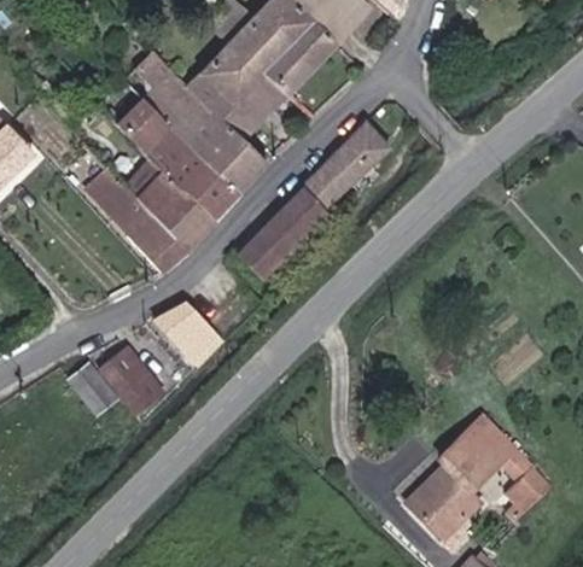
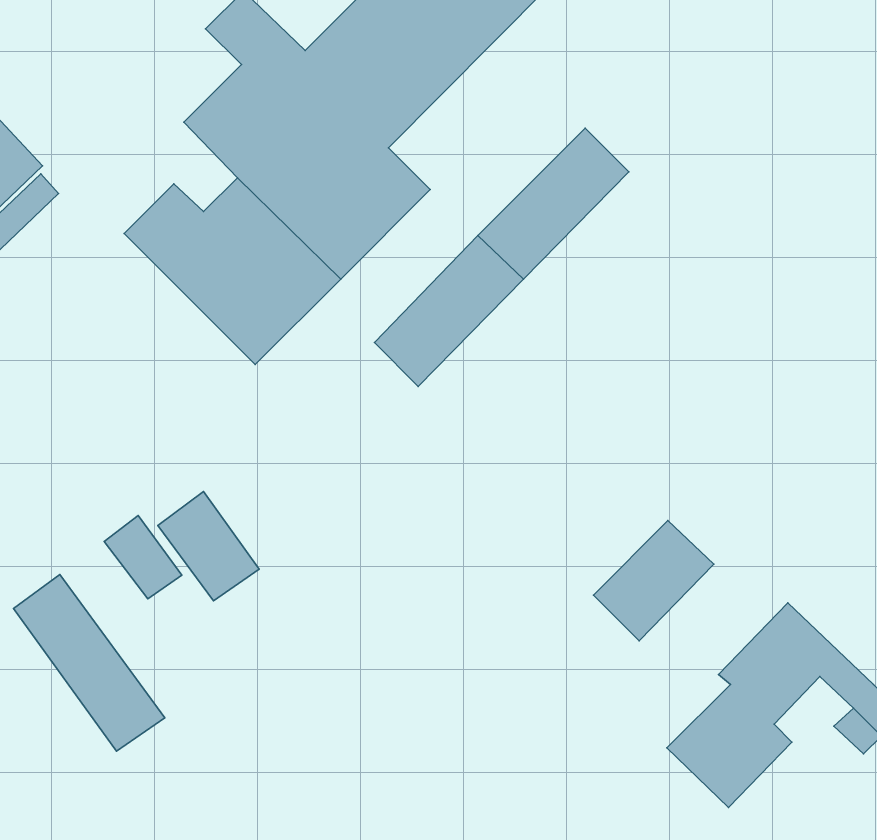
building: [151,303,217,363] -> none
building: none -> [594,521,714,641]
building: none -> [14,575,165,751]

